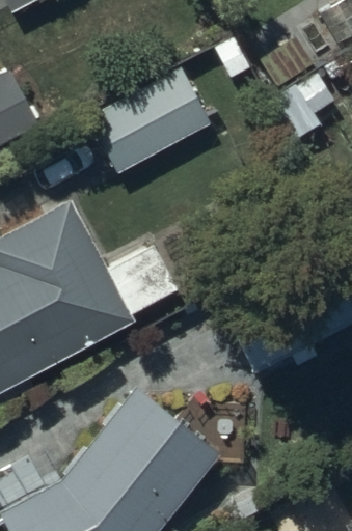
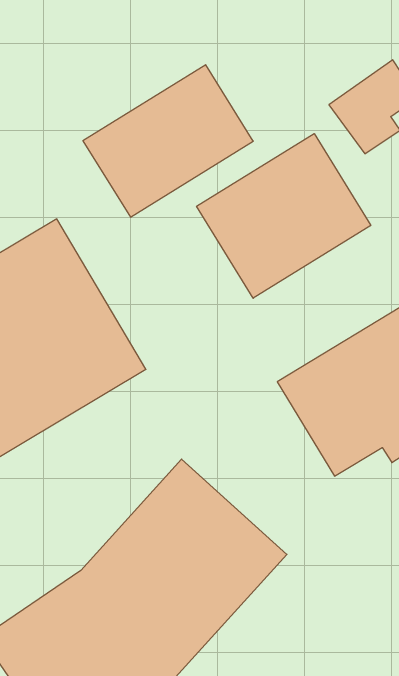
building: none -> [197,134,371,298]

